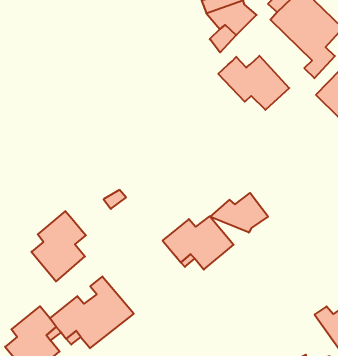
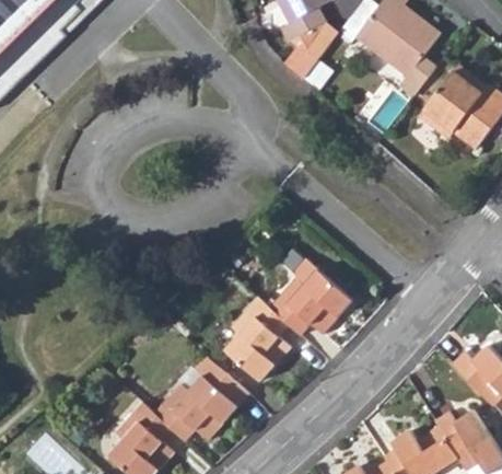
building: [218,56,289,110] -> none
building: [210,193,268,233] -> none
building: [31,211,86,281] -> [230,298,291,379]

